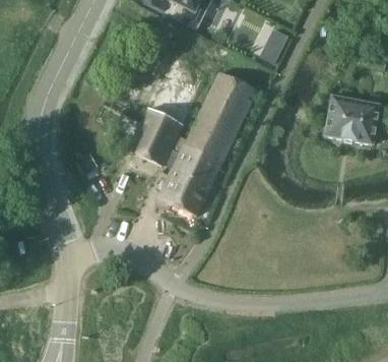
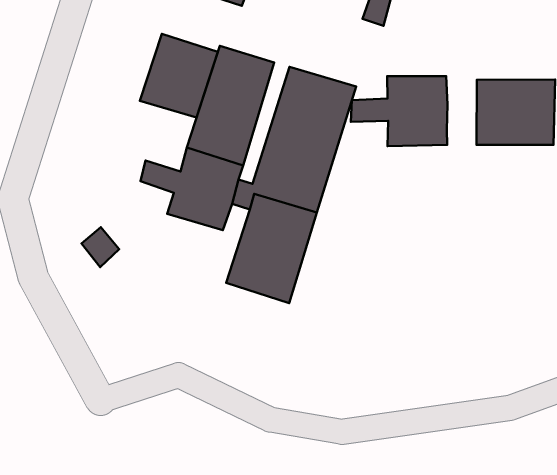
building: none -> [140,34,218,117]
building: none -> [351,76,448,146]

